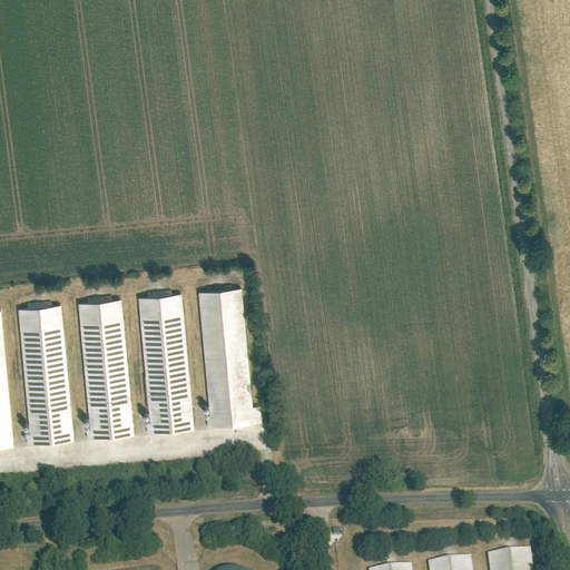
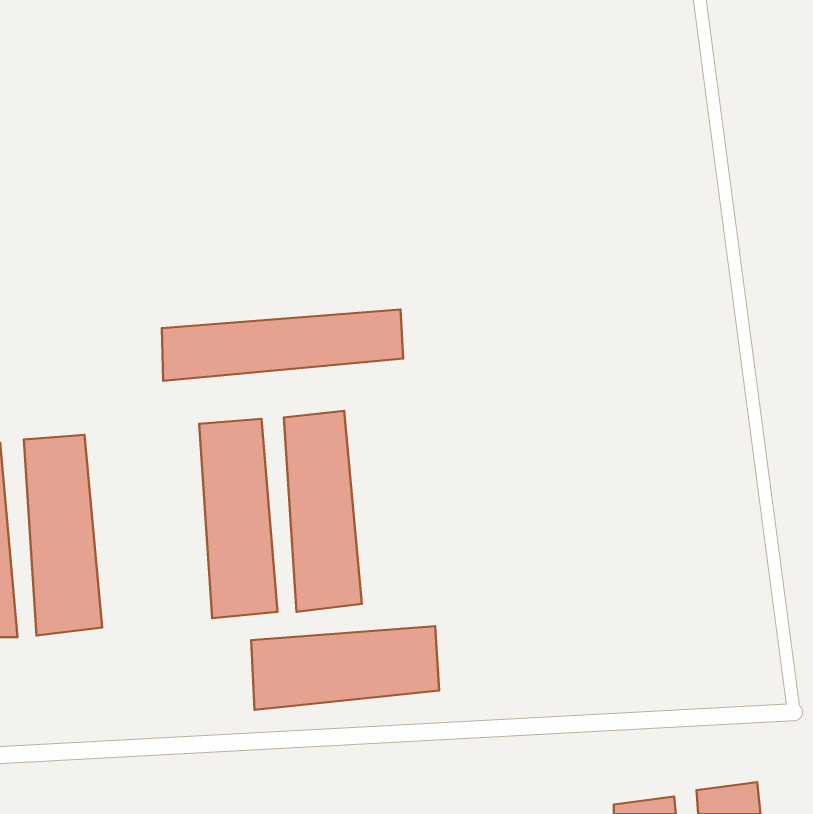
building: none -> [162,310,403,381]
building: [78,298,132,439] -> none
building: none -> [251,626,439,710]

